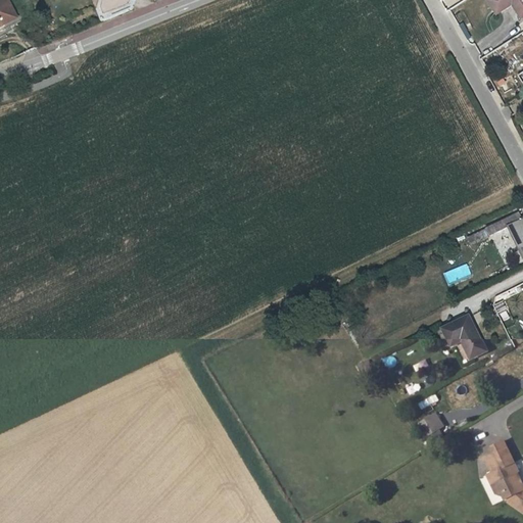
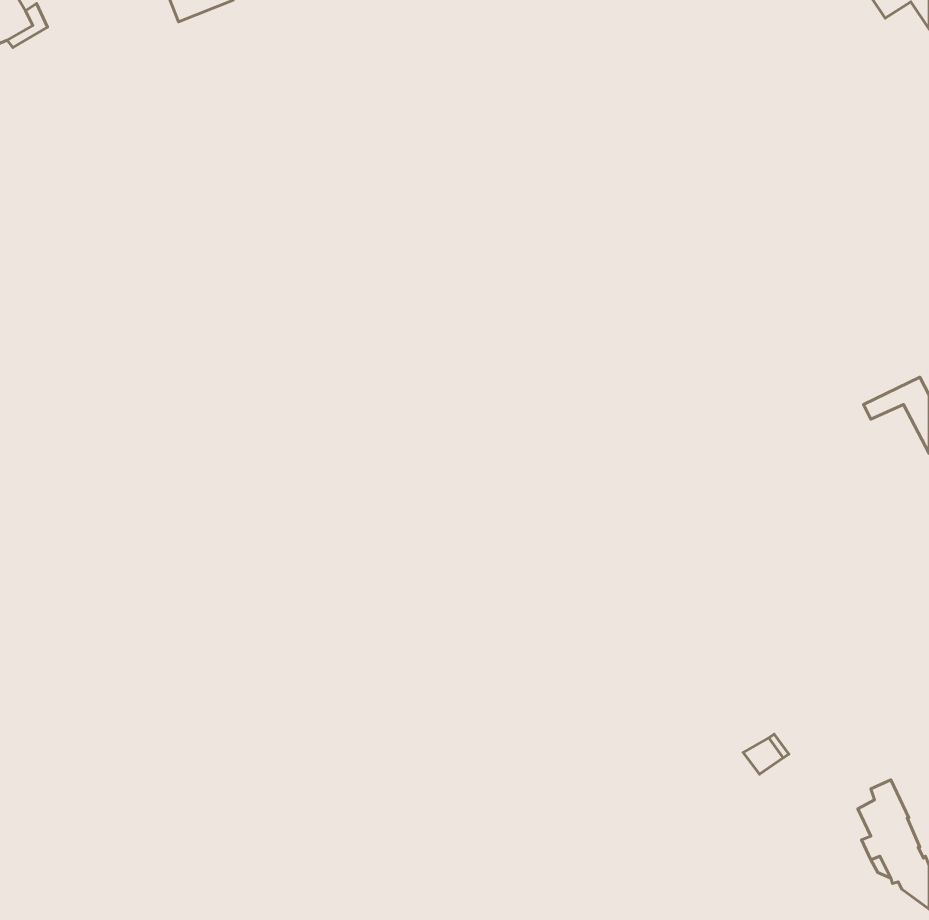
building: [449,316,490,356] -> none

